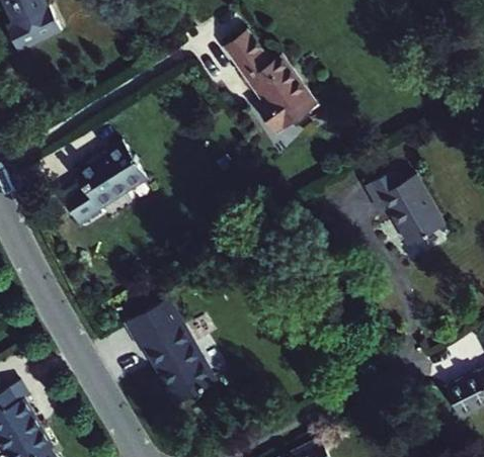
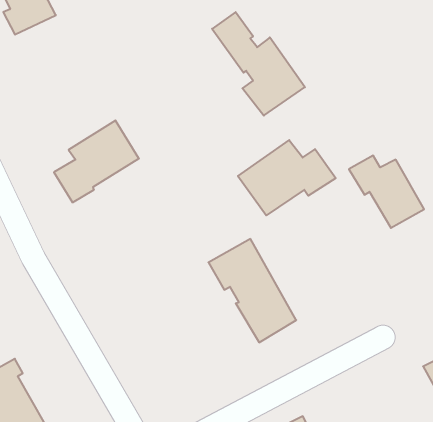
building: none -> [238,140,336,215]
building: [125,301,216,408] -> [208,239,296,342]

